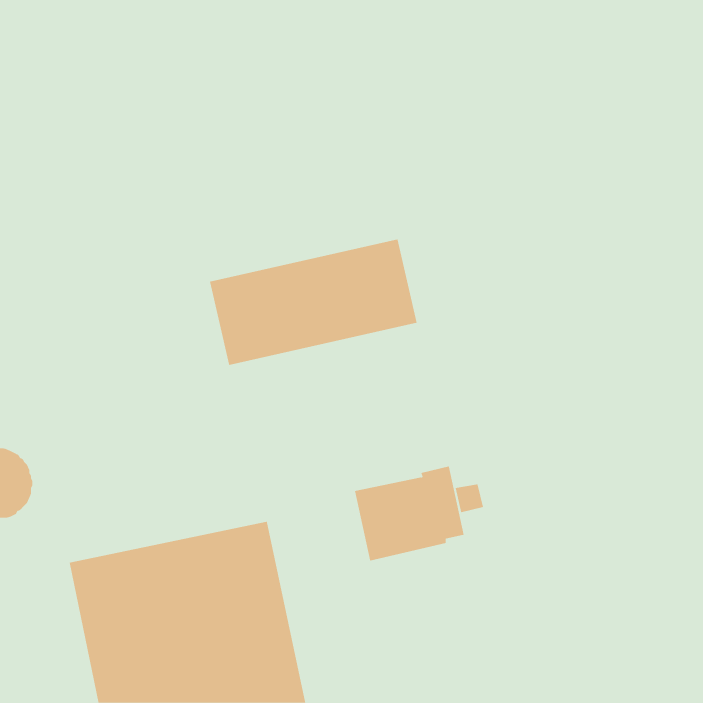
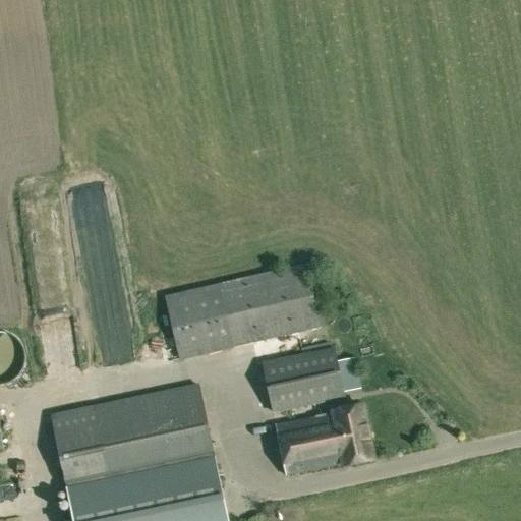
building: [209,239,417,366] -> [165,265,319,358]
building: none -> [275,404,372,474]

